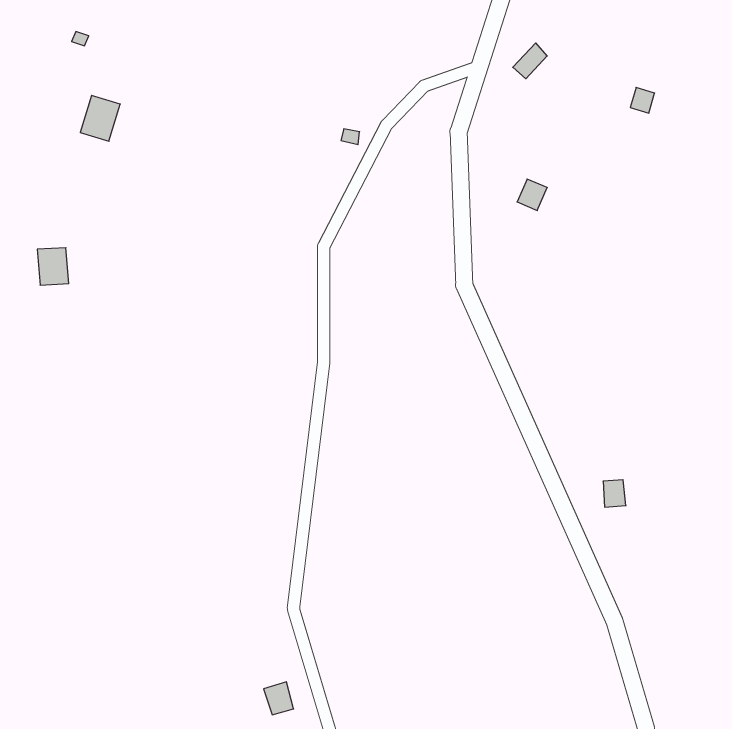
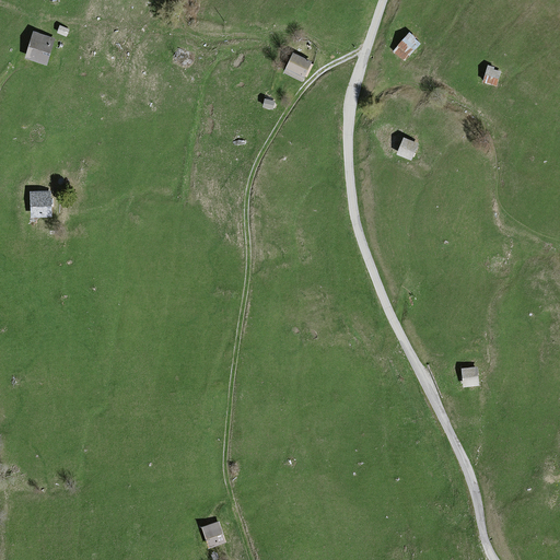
building: none -> [283,52,310,81]
building: [80,95,120,141] -> [24,30,55,65]

